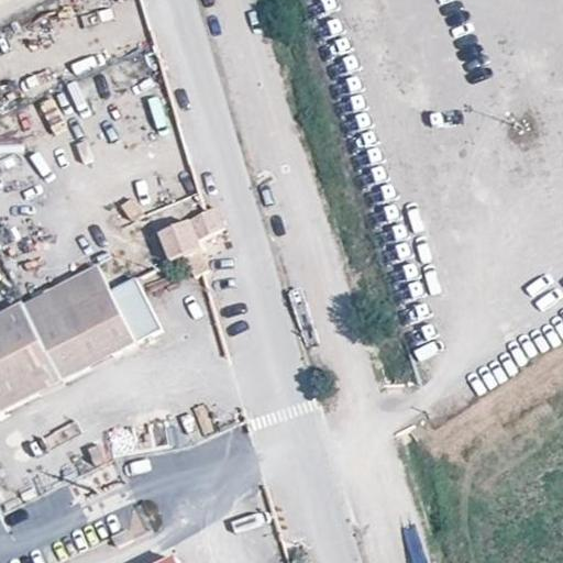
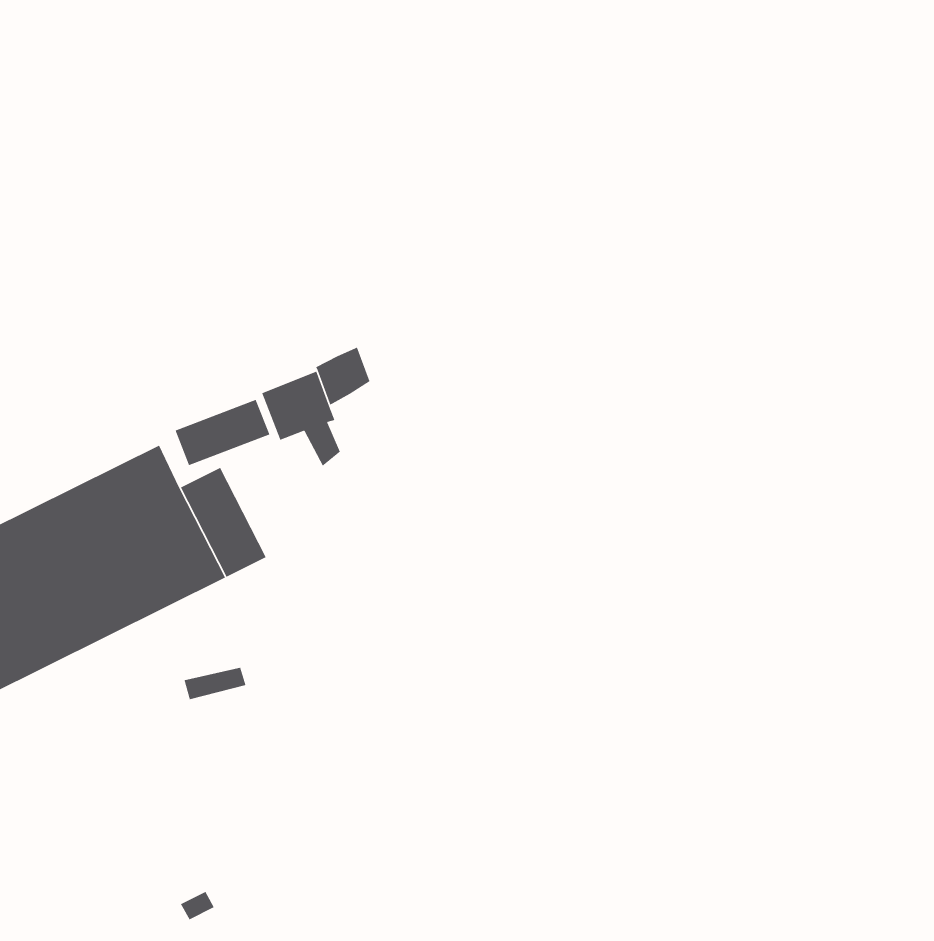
building: none -> [174,399,270,466]

